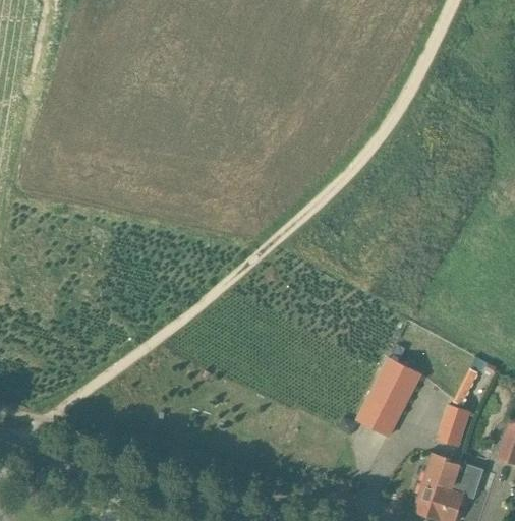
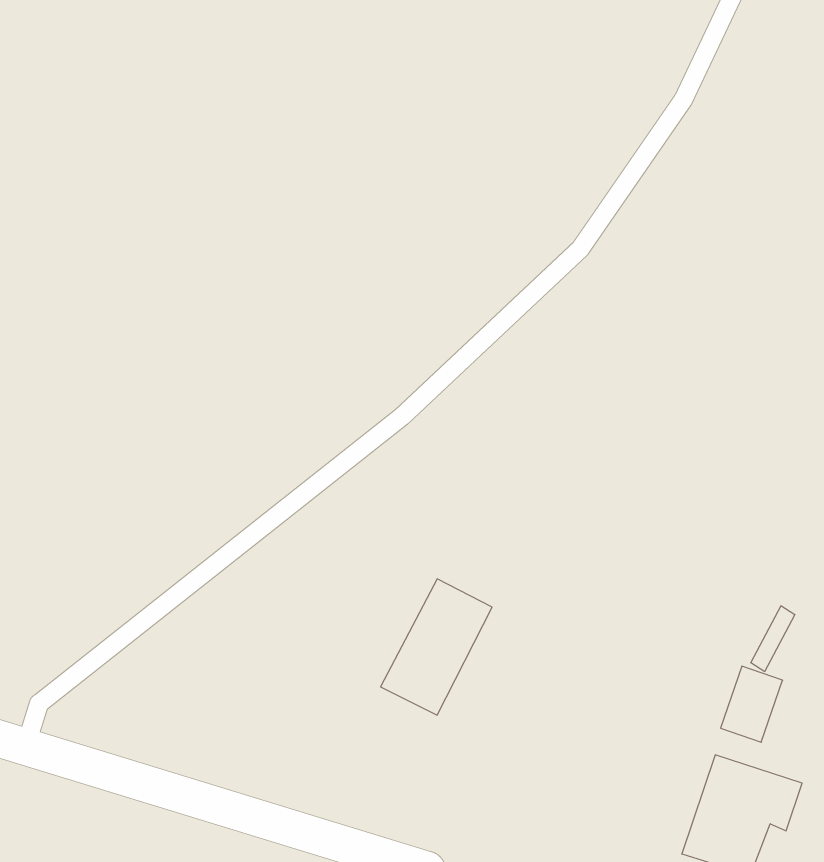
building: [356,358,420,437] -> [381,579,492,715]

